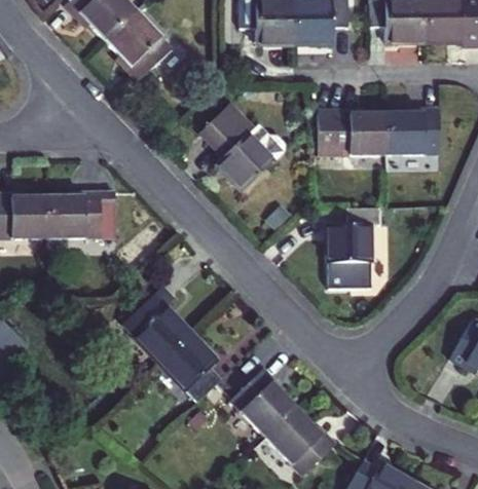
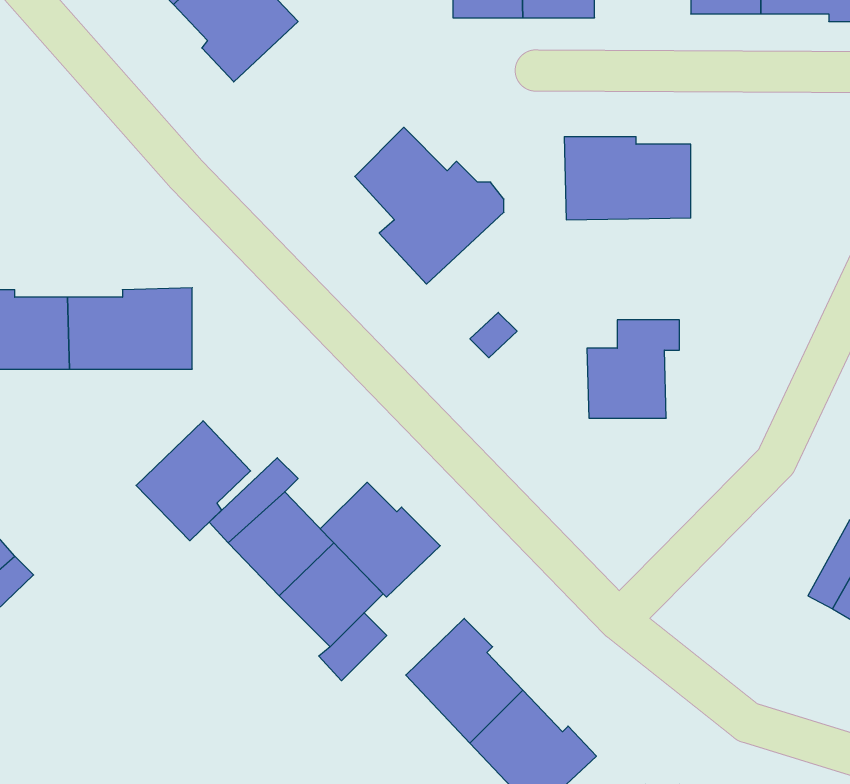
building: [387,108,439,153] -> none
building: [331,262,373,288] -> none
building: none -> [136,421,251,541]
building: none -> [320,482,440,597]

